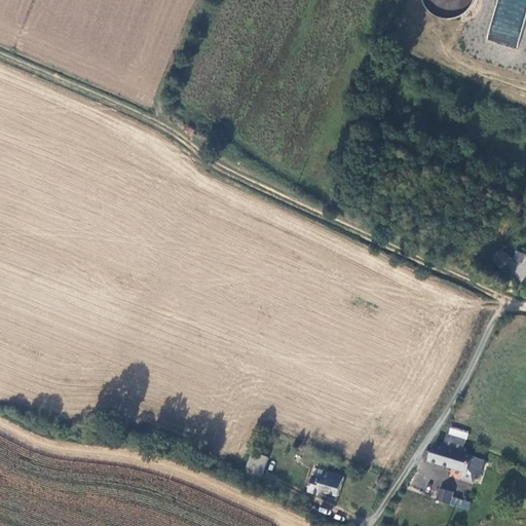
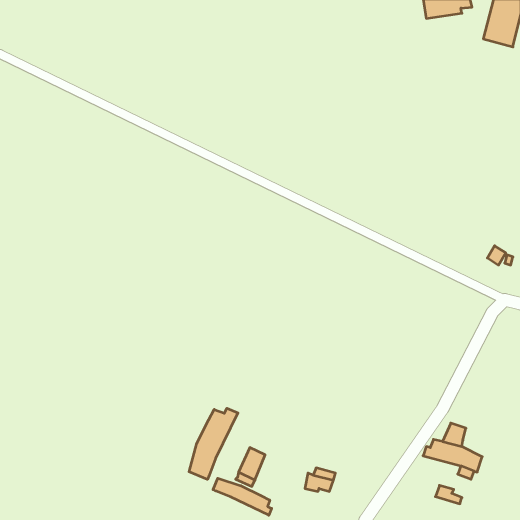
building: none -> [189,408,238,479]
building: none -> [213,478,272,515]

